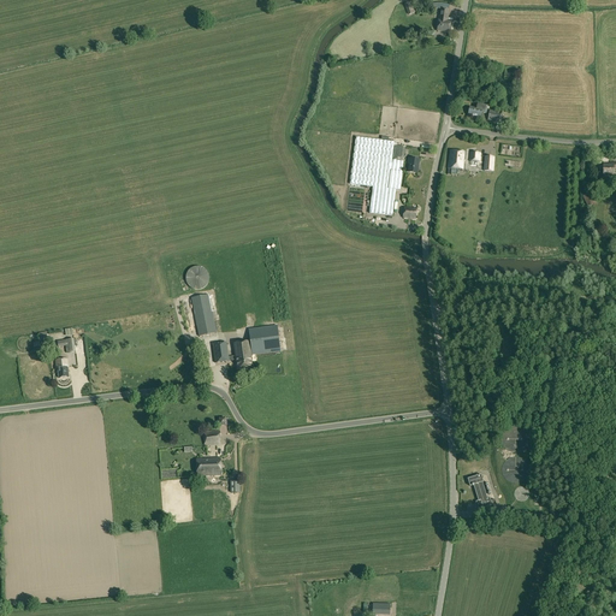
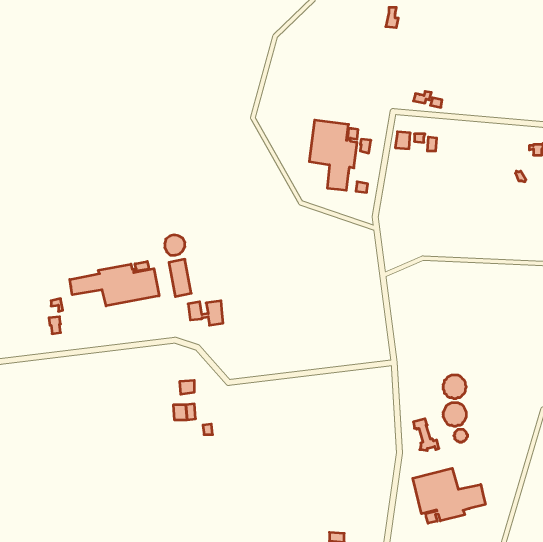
building: none -> [70,261,159,306]
building: [249,325,280,355] -> none
building: none -> [413,468,485,523]

